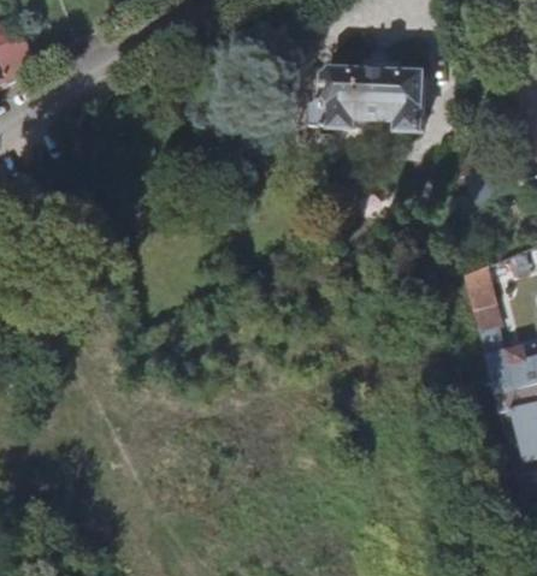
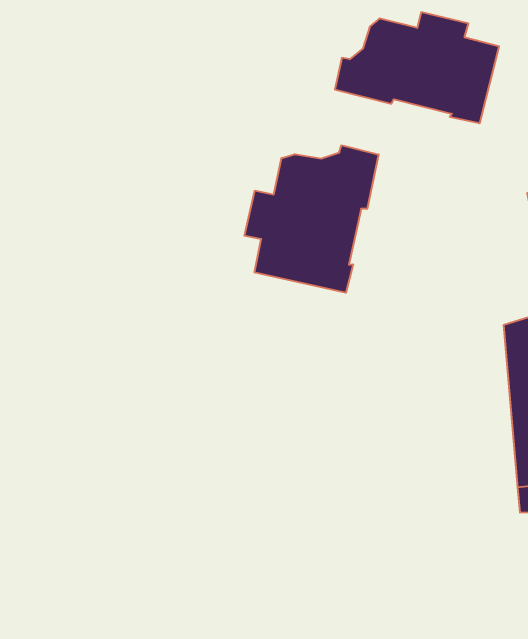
building: none -> [244,145,379,293]

